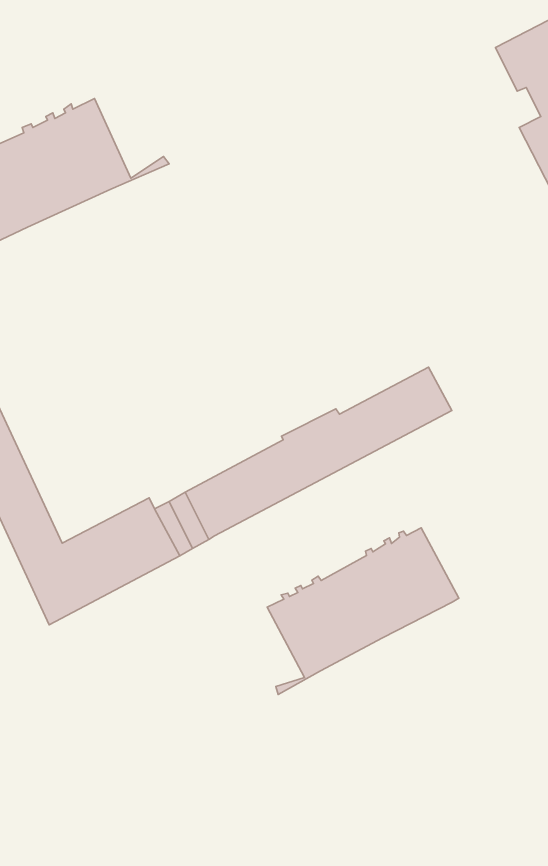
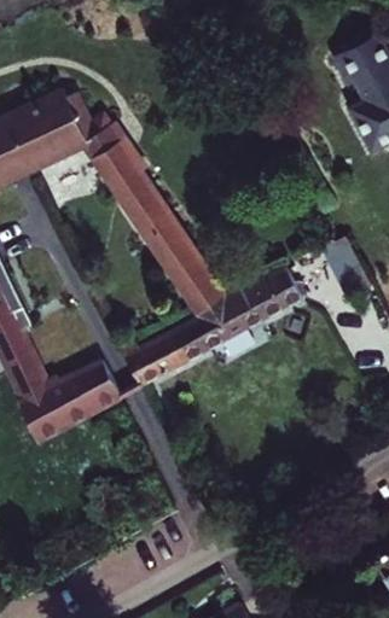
building: none -> [80,132,230,313]
building: [267,528,459,694] -> none

